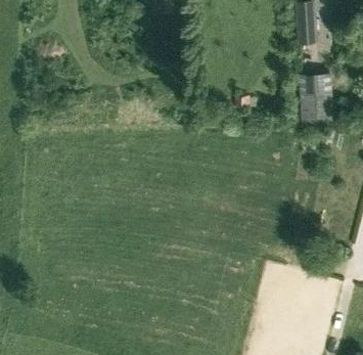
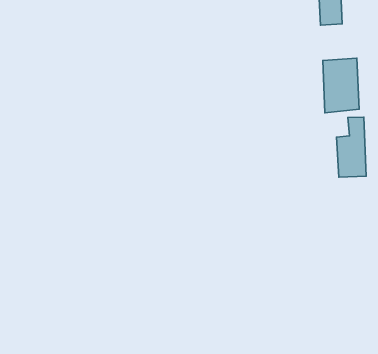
building: none -> [337,117,366,177]

